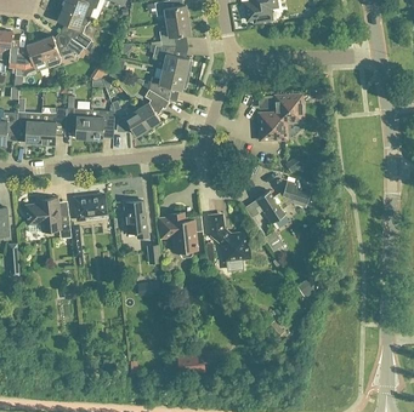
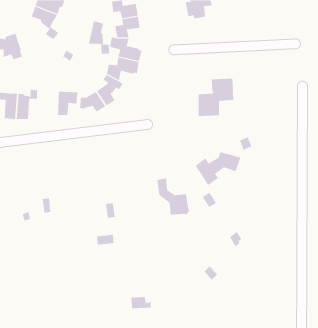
building: none -> [88,21,109,55]
building: [39,35,83,69] -> none
building: [66,108,90,139] -> none
building: [73,194,106,221] -> none
building: [25,199,61,233] -> none
building: [121,201,148,238] -> none
building: [159,213,202,258] -> none

